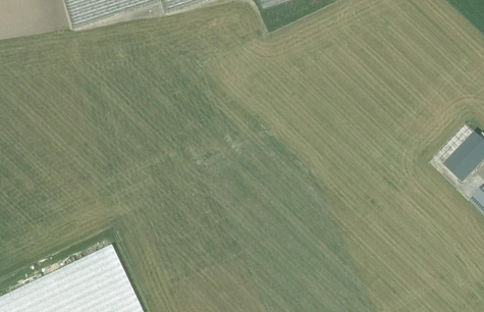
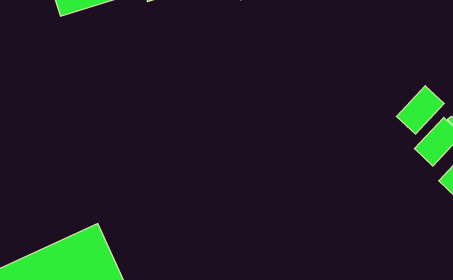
building: none -> [396,86,444,134]

